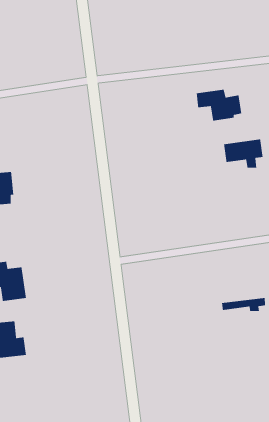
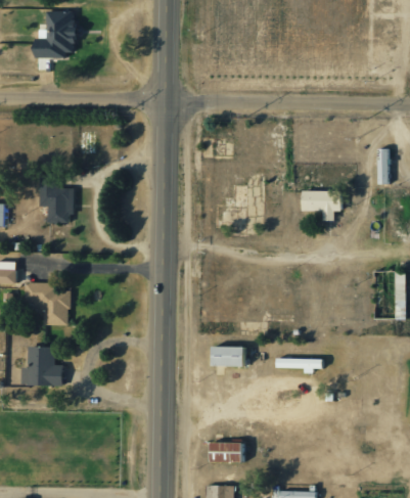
building: [196,89,242,122] -> none
building: none -> [211,346,246,366]
building: none -> [210,442,245,462]

